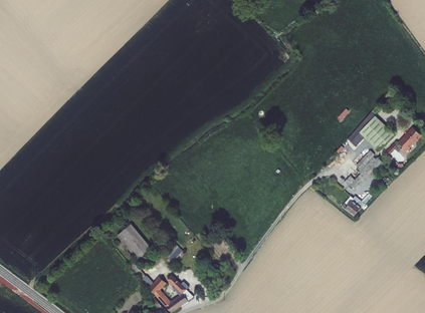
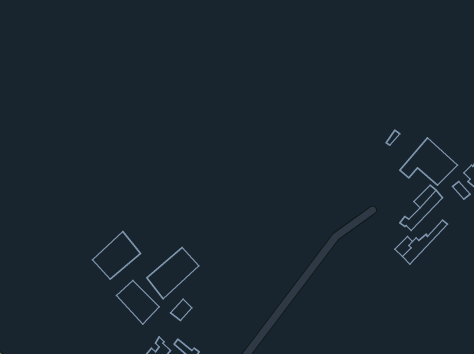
building: none -> [92,232,141,279]
building: none -> [147,248,199,299]

